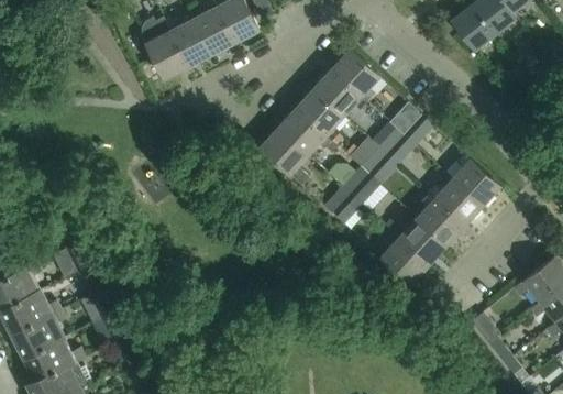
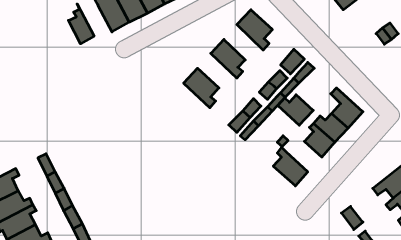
building: none -> [68,4,94,44]
building: [313,69,366,117] -> none
building: [278,108,331,154] -> none
building: [397,226,444,266] -> [278,95,313,125]

